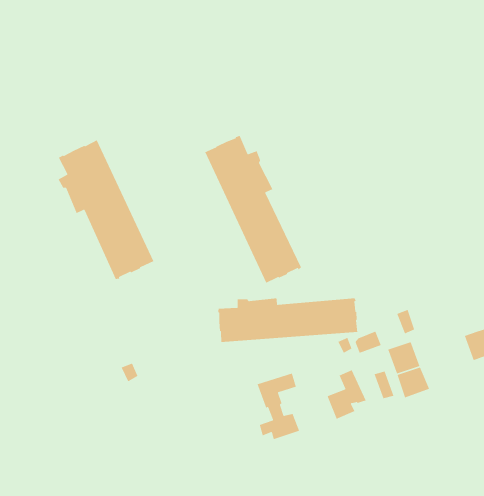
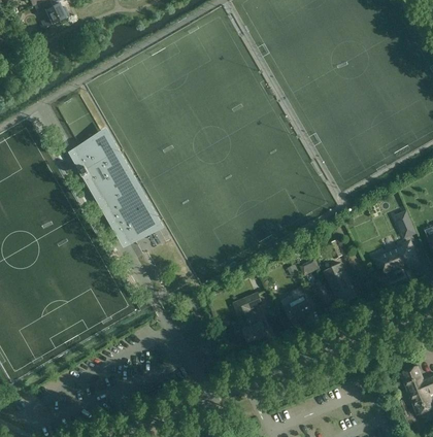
building: [204,135,302,284] -> none
building: [218,297,358,343] -> none

